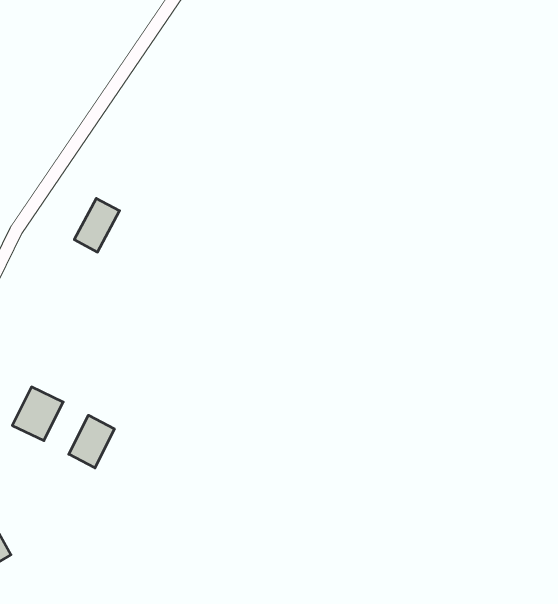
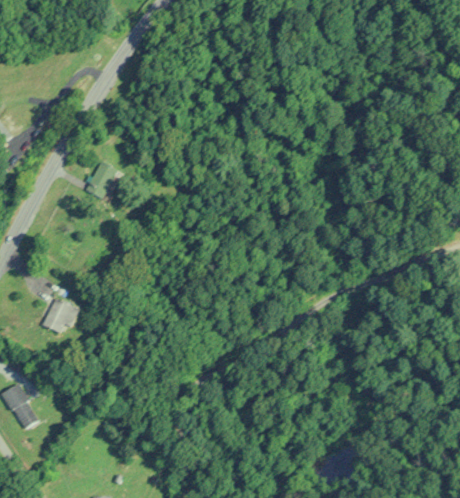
building: [69,415,114,468] -> none

